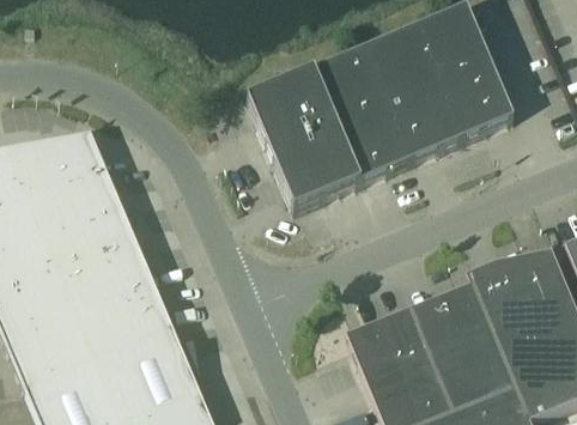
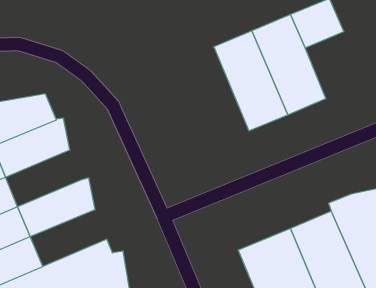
building: [433,48,512,136] -> none
building: [245,68,359,208] -> none
building: [37,202,138,280] -> none
building: [69,281,172,359] -> none

